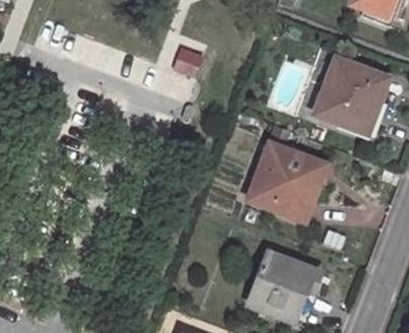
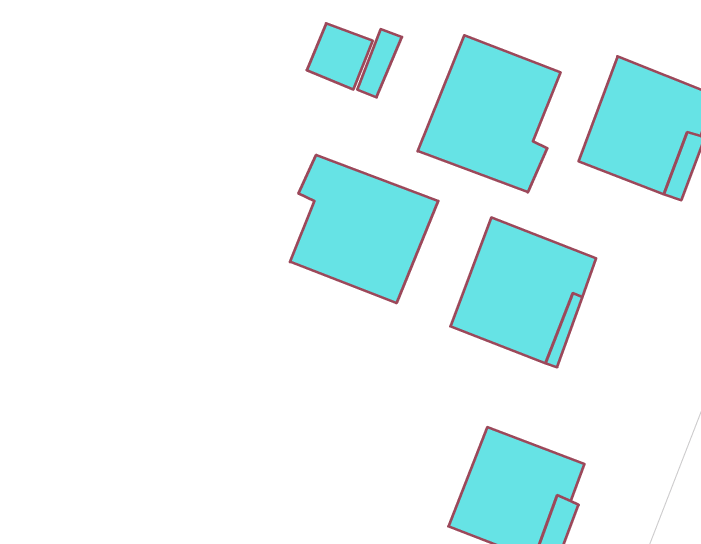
building: none -> [418,35,560,192]
building: none -> [290,155,438,303]

